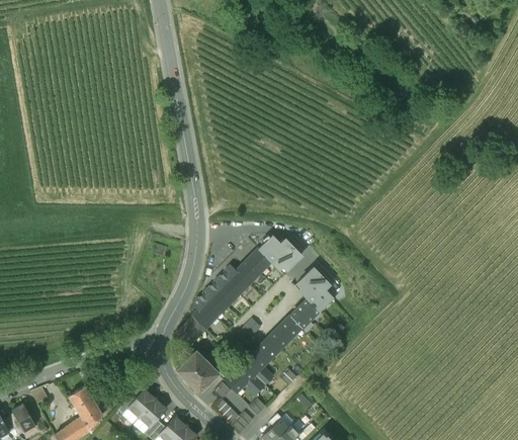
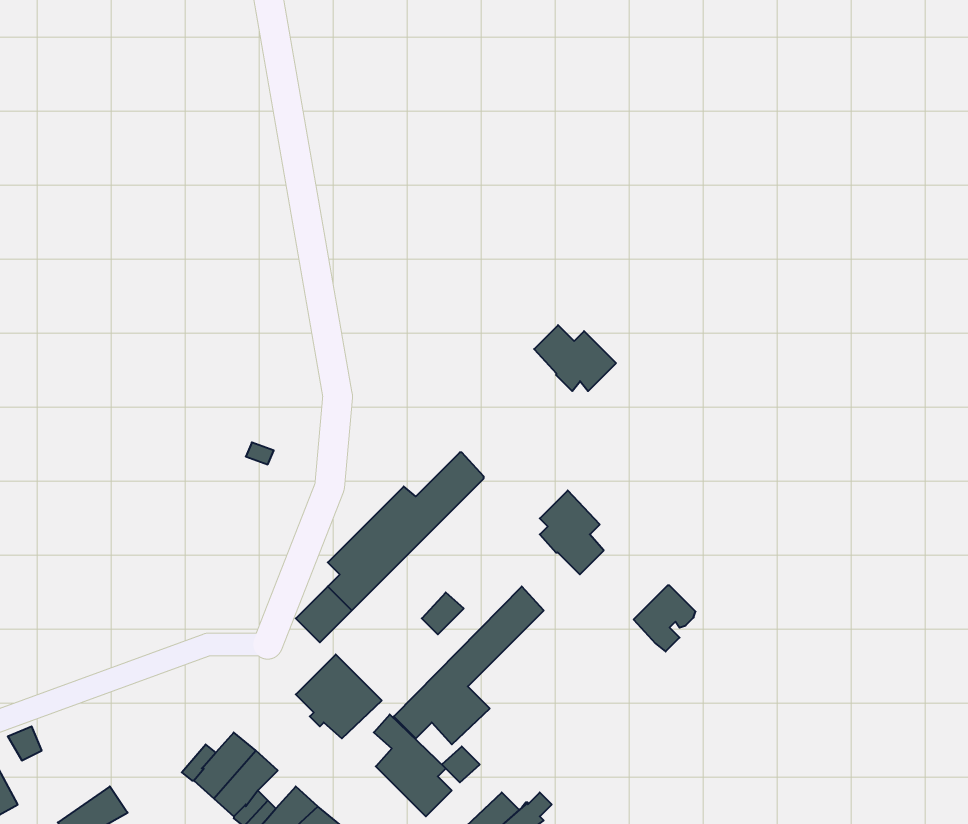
building: [260,236,301,269] -> [534,325,616,391]
building: [290,298,322,332] -> [634,586,696,652]
building: [69,386,103,429] -> none

